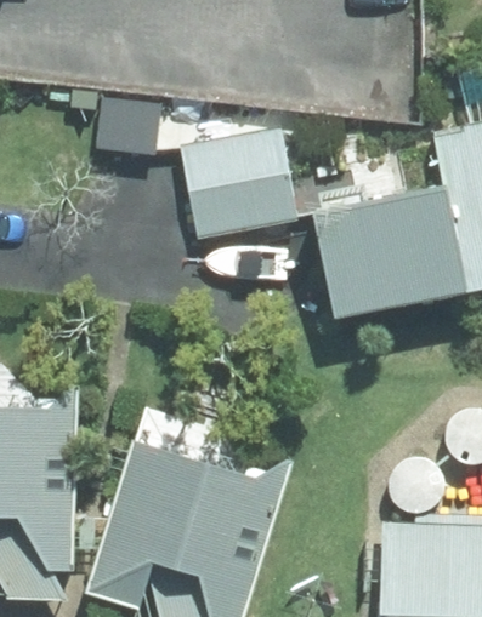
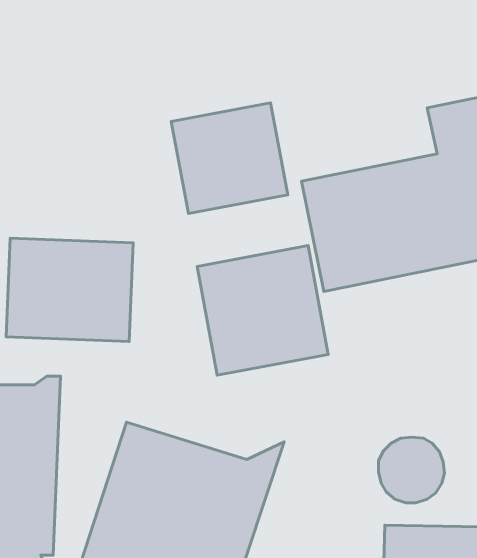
building: none -> [6,238,133,342]
building: none -> [197,246,328,375]

